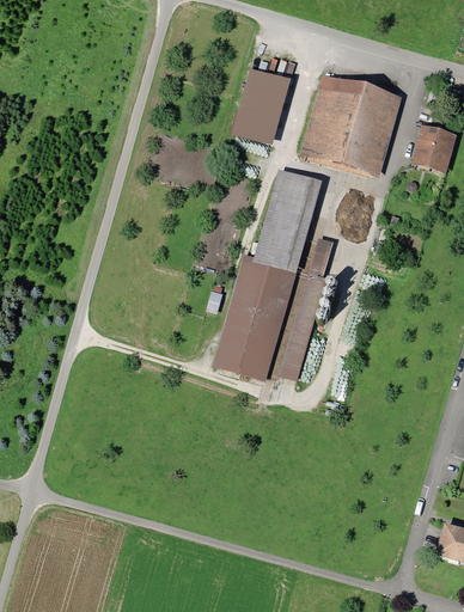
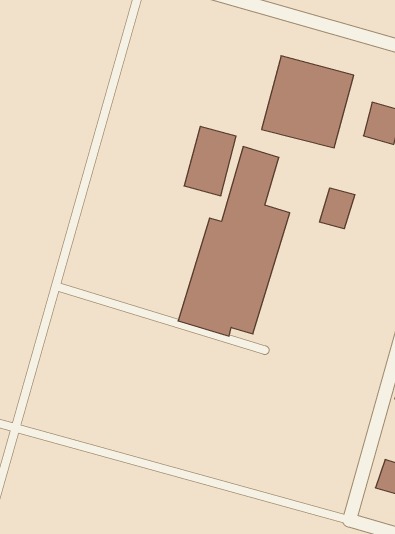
building: [233,67,291,143] -> [184,126,236,196]
building: none -> [320,188,355,229]

